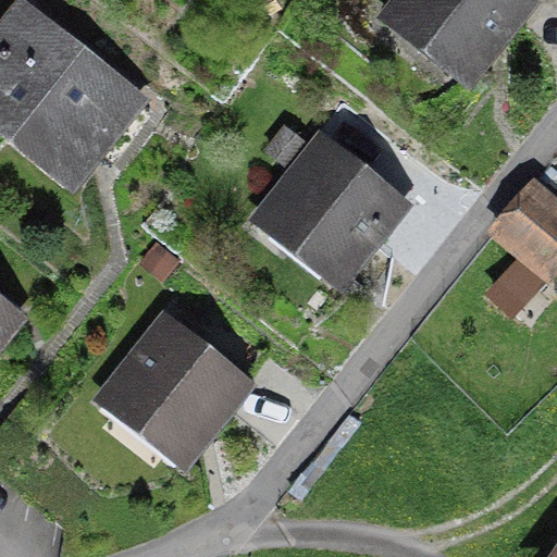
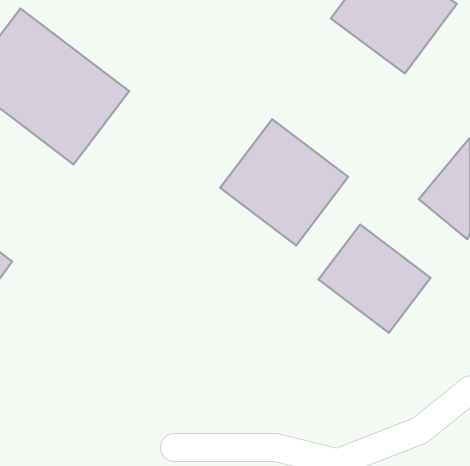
building: none -> [318,224,431,333]
building: [96,310,243,456] -> none

